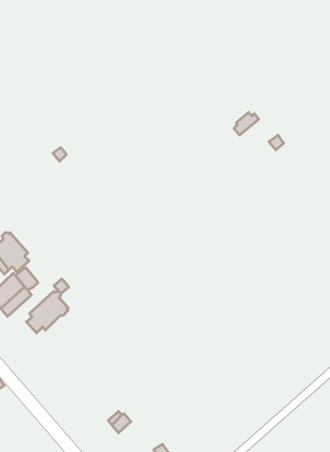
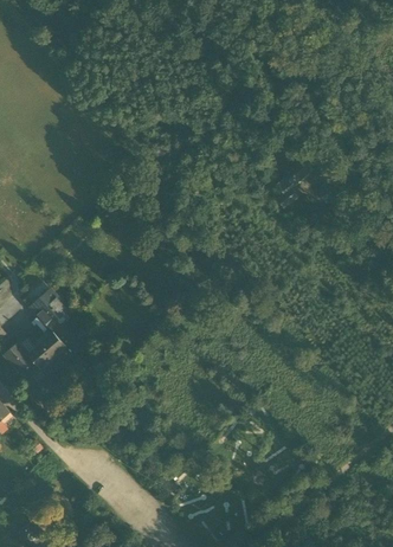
building: [26,291,68,333] -> none

